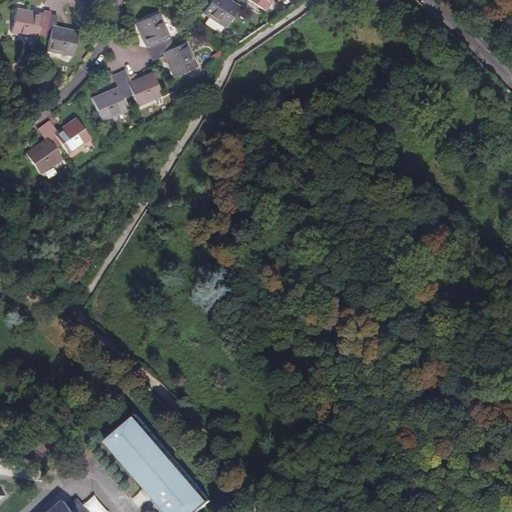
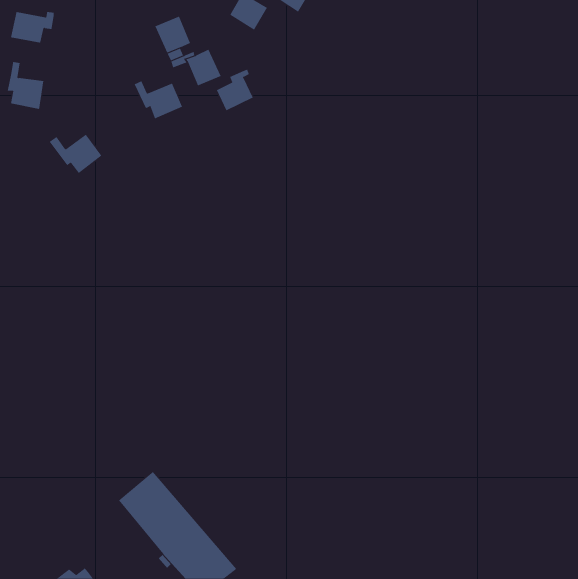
building: [43,14,76,56] -> [7,62,44,109]
building: none -> [216,69,253,111]
building: [92,74,128,120] -> none
building: [26,125,62,174] -> none

